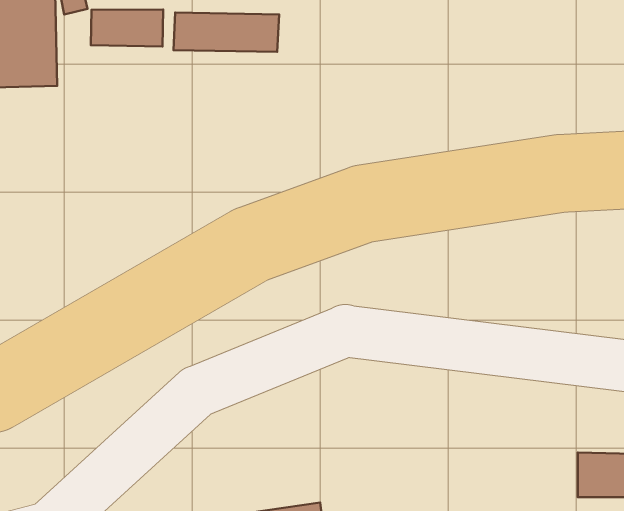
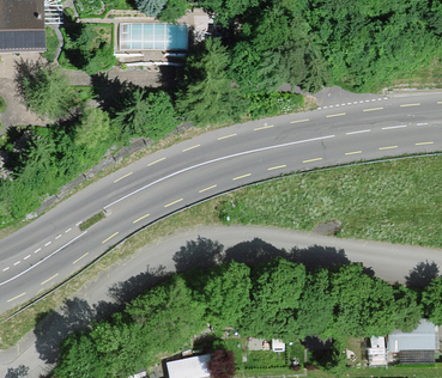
building: [91,10,163,47] -> none

